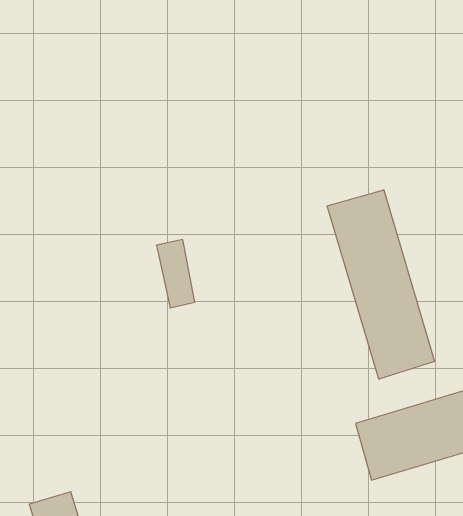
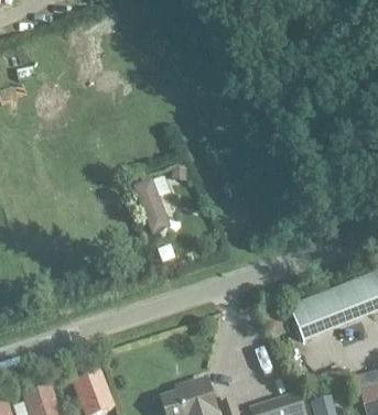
building: [327,190,434,379] -> none

